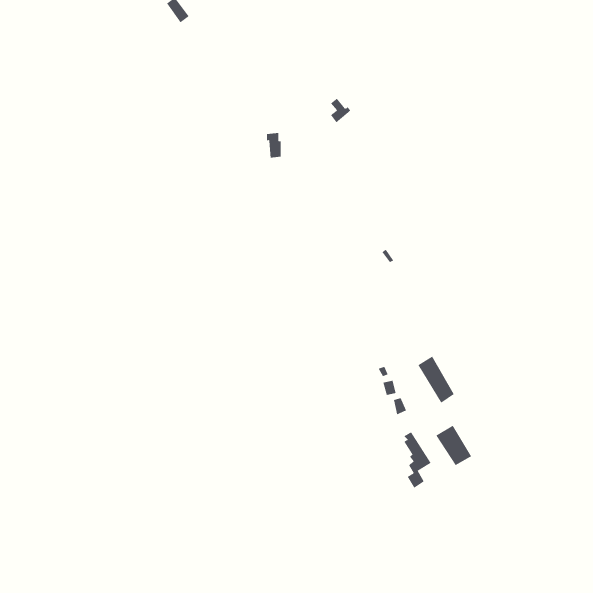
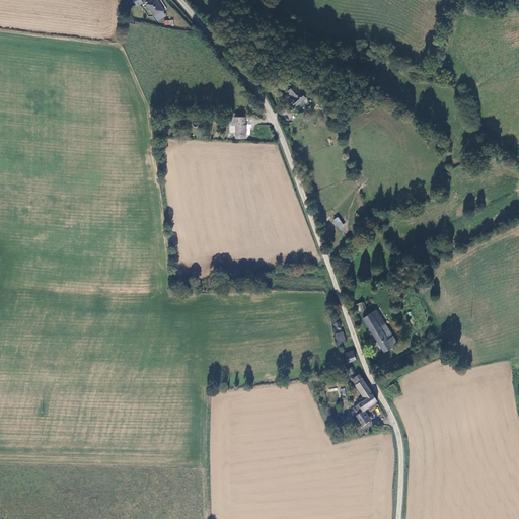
building: [436,425,472,466] -> none

